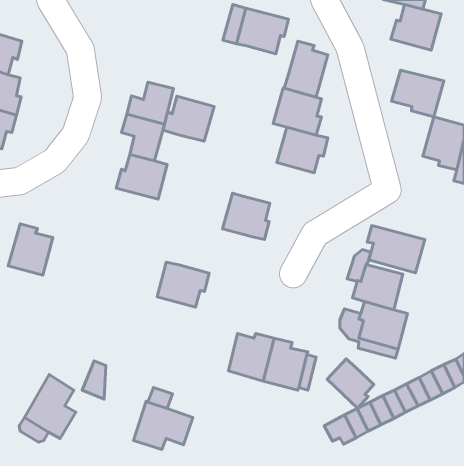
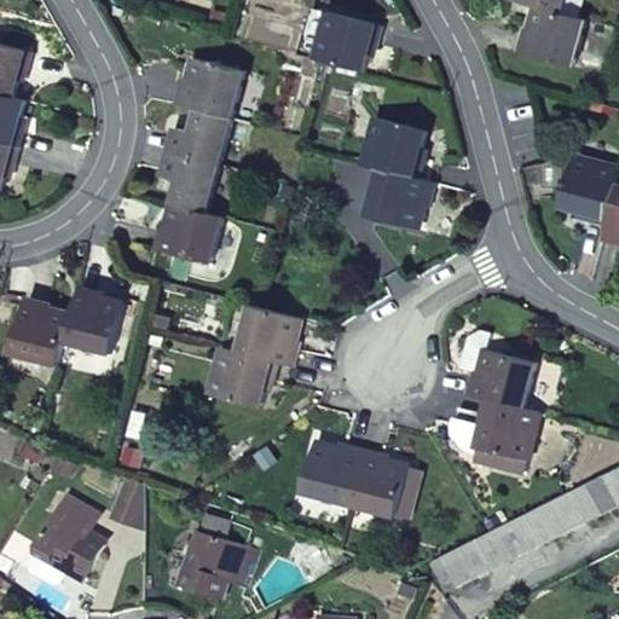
building: [284,41,328,97] -> none
building: [391,70,444,117] -> none
building: [163,96,214,141] -> [175,58,243,117]
building: [222,193,270,240] -> [237,303,300,365]
building: none -> [63,285,123,353]
building: [367,226,425,273] -> none
building: [327,359,374,408] -> none

